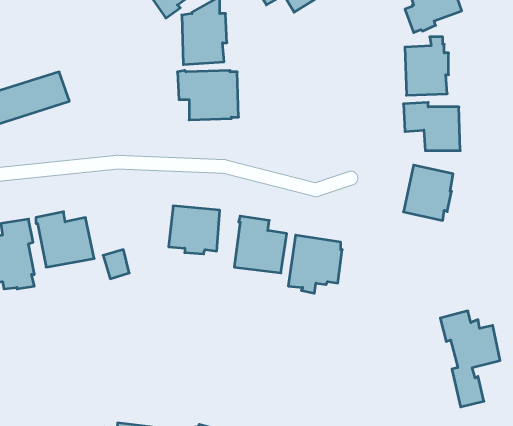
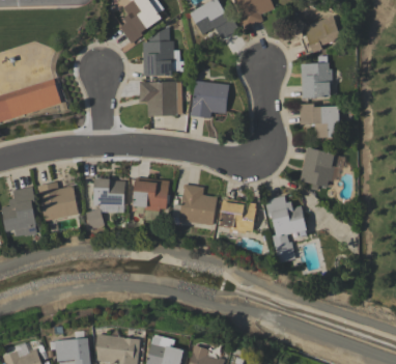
building: none -> [190,81,229,118]
building: none -> [94,177,125,206]
building: [440,311,500,407] -> [264,195,307,263]

